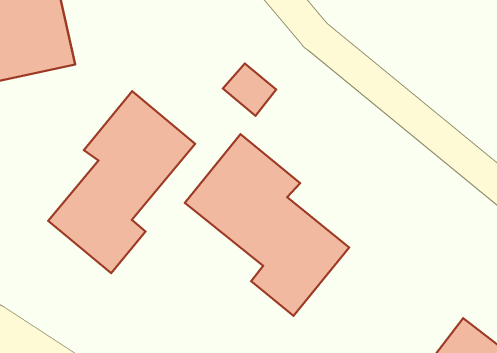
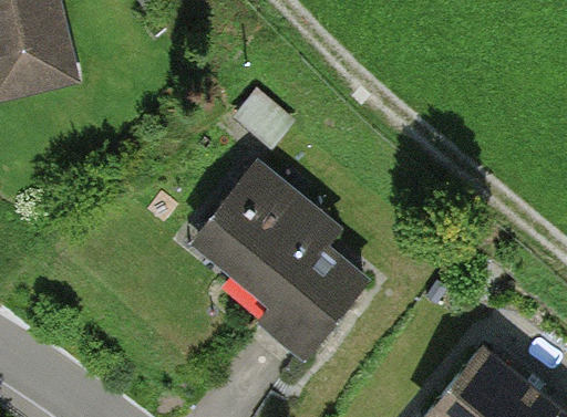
building: [48,91,195,273] -> none

